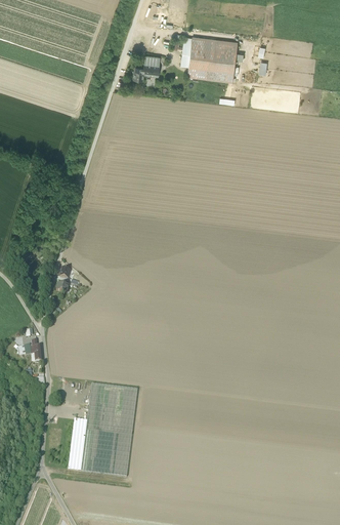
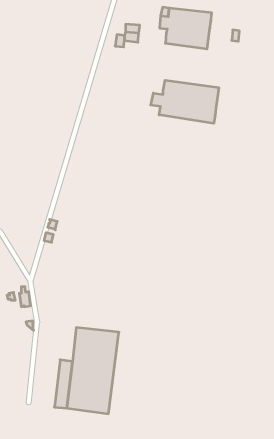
building: none -> [151,80,219,123]

